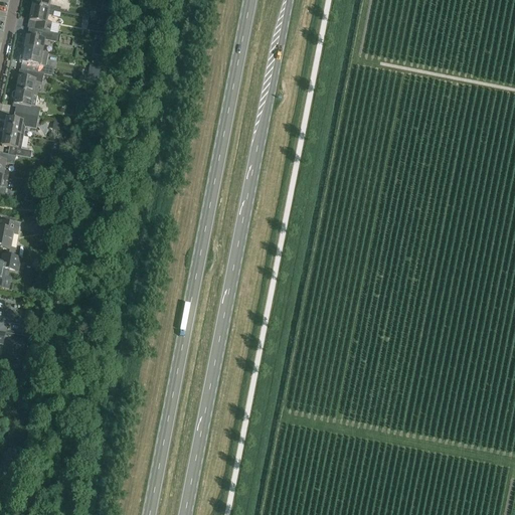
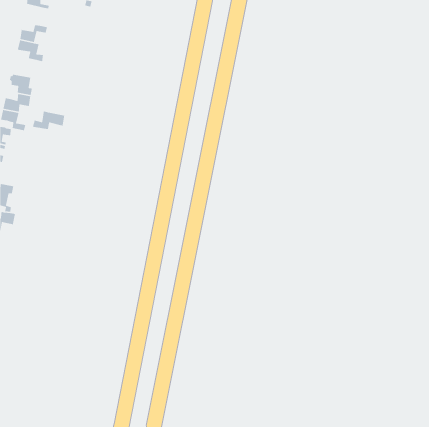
building: [28,5,52,30] -> none
building: [15,69,43,93] -> none
building: none -> [32,111,65,130]

